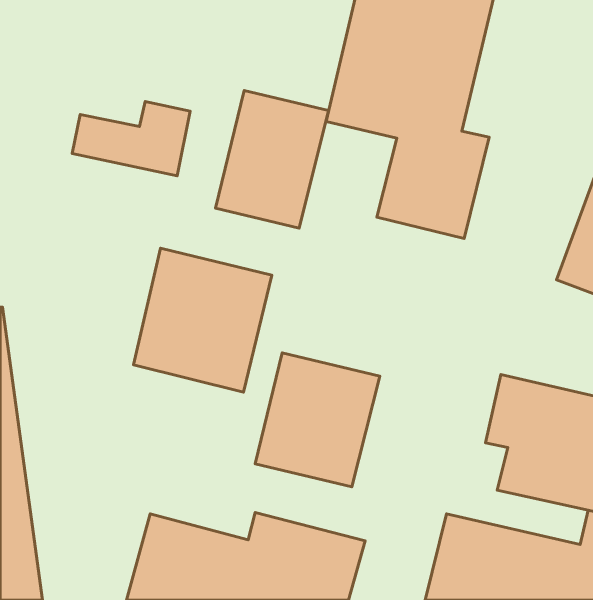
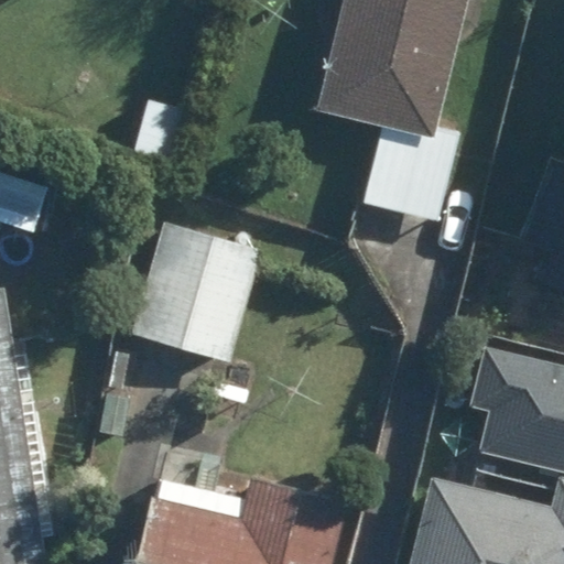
building: [216,90,329,228] -> none
building: [255,353,380,487] -> none

